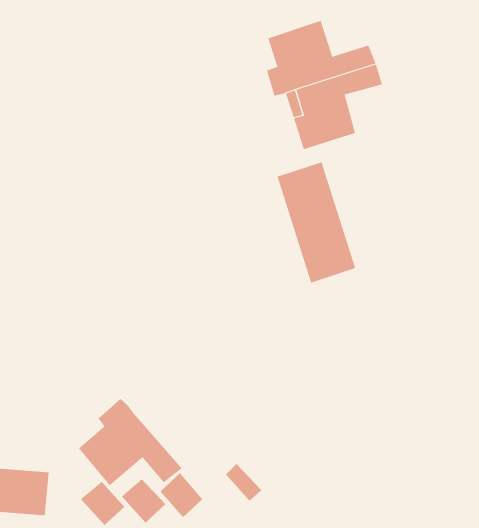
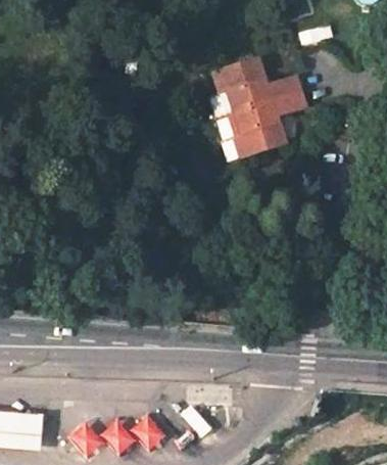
building: [277,161,356,283] -> none
building: [78,398,182,486] -> none

